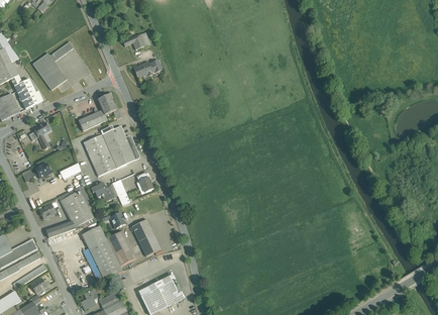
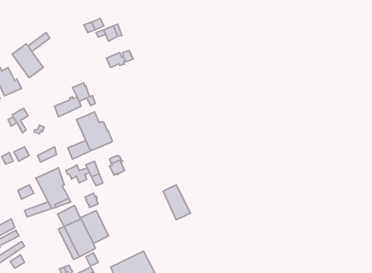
building: [83,133,111,164] -> none
building: [131,218,160,255] -> [163,185,190,220]

